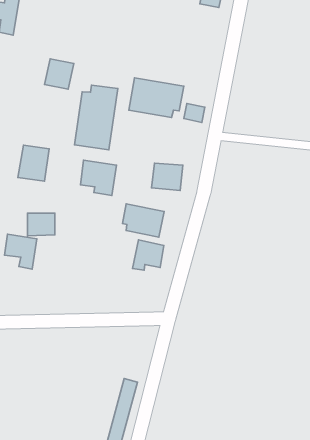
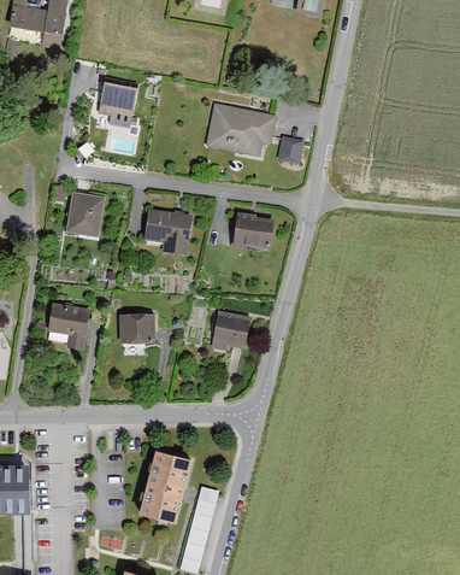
building: [75,85,118,150] -> none
building: [122,204,164,237] -> none
building: [27,213,55,236] -> [120,313,155,342]
building: none -> [138,452,188,523]

